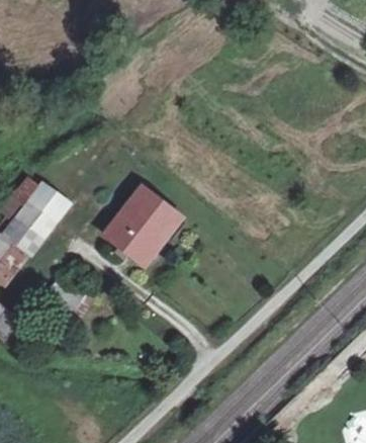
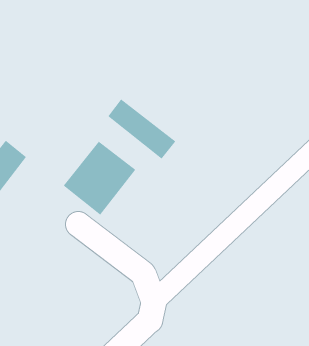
building: none -> [108,98,176,159]

